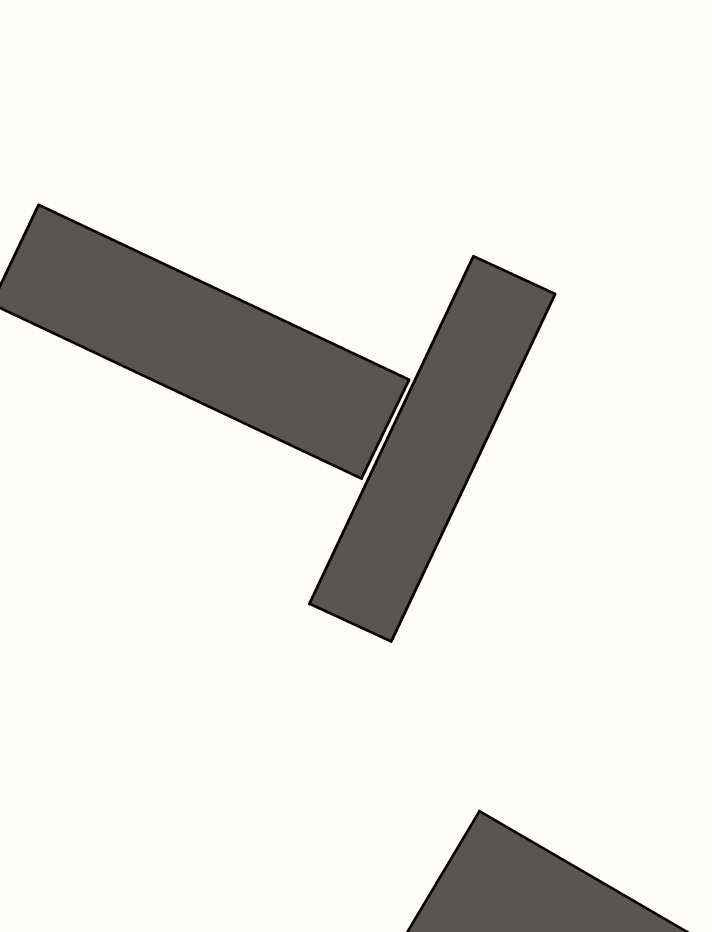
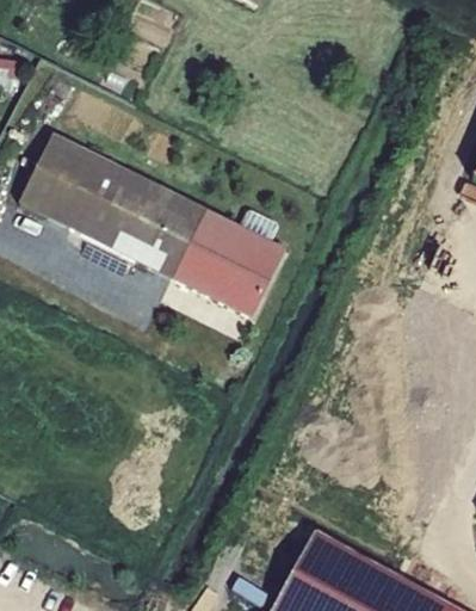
building: [309,256,555,642] -> none

